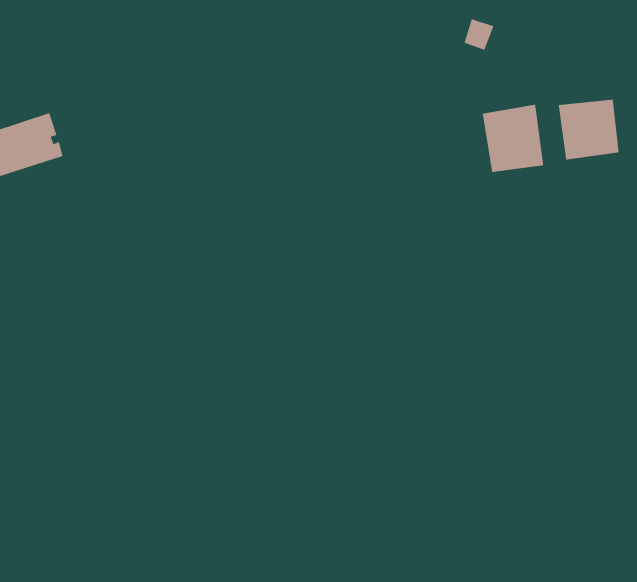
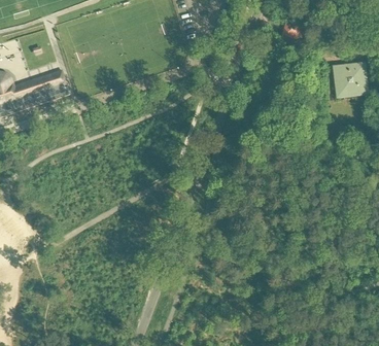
building: [482,104,544,173] -> none

